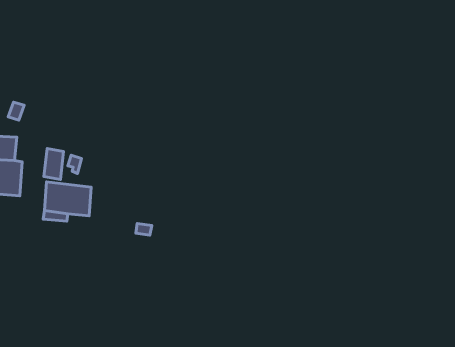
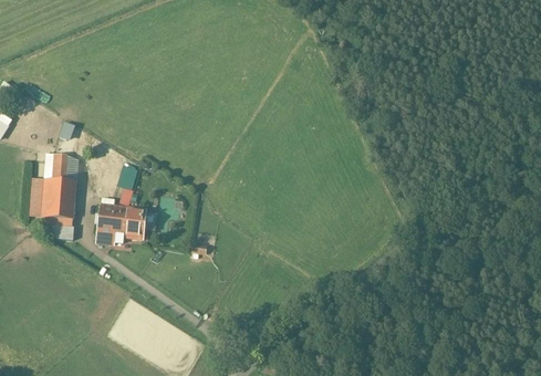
building: [44,149,64,179] -> none

